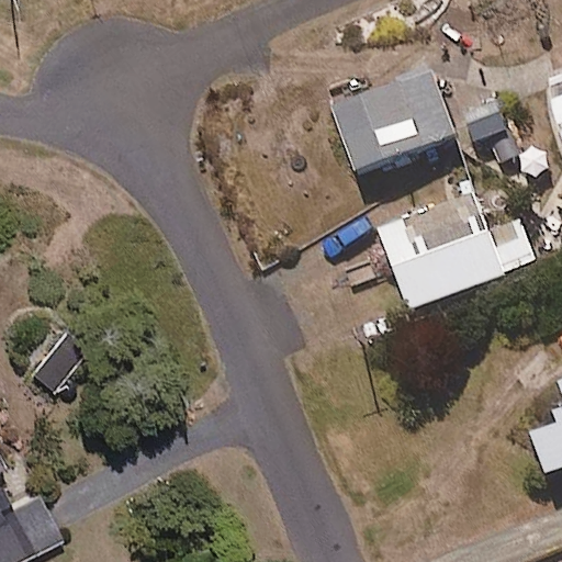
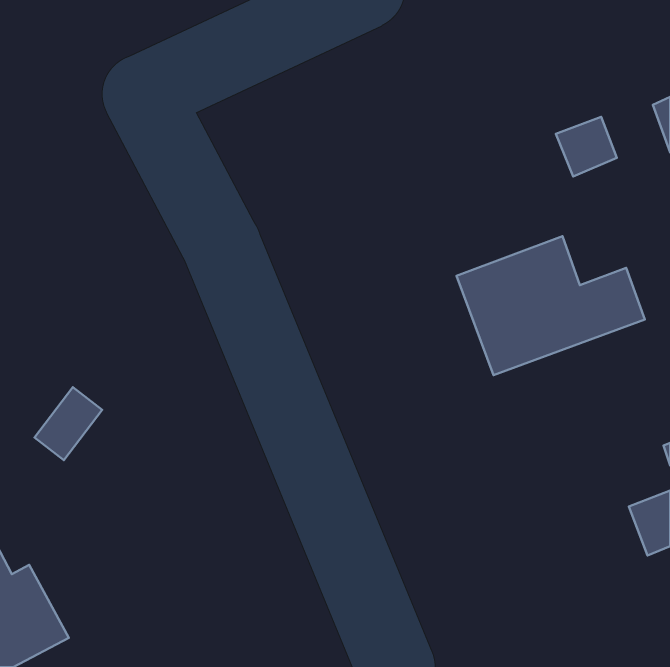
building: [335,75,458,177] -> none

